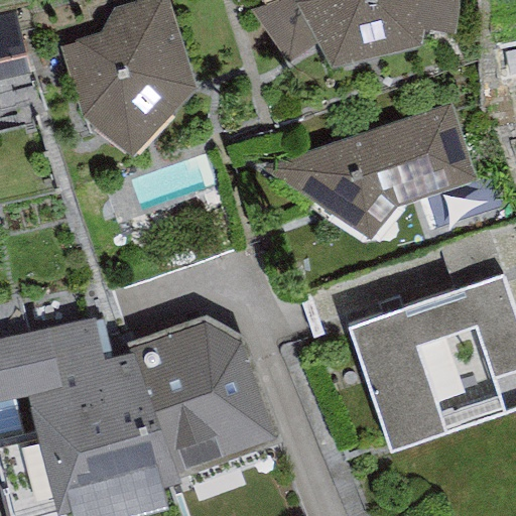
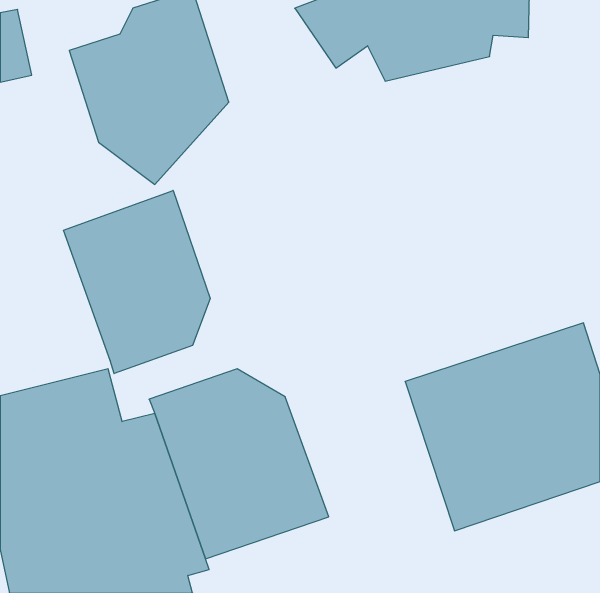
building: [264,101,474,240] -> none
building: none -> [64,190,210,374]

